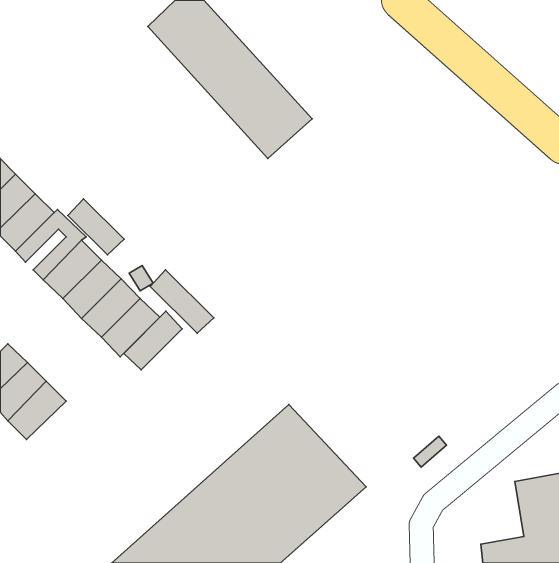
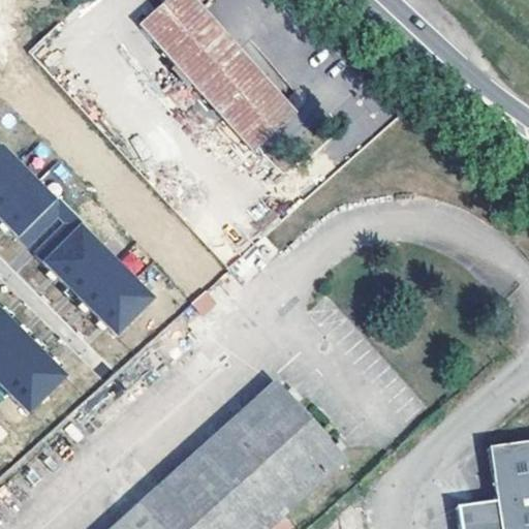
building: [68,199,124,255] -> none
building: [150,270,214,333] -> none
building: [124,311,182,370] -> none

